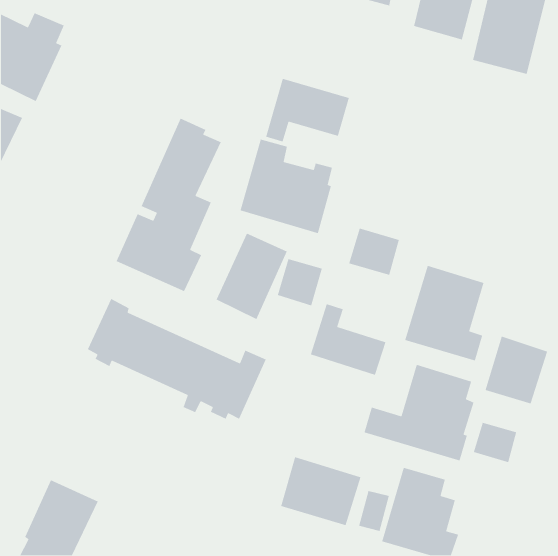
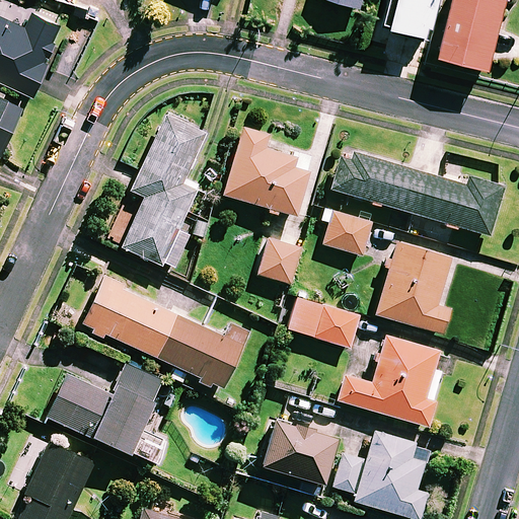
building: [265,78,350,143] -> none
building: none -> [332,148,504,236]
building: [215,232,288,320] -> none
building: [485,336,548,404] -> none
building: none -> [47,362,167,463]
building: [473,422,517,463] -> none

